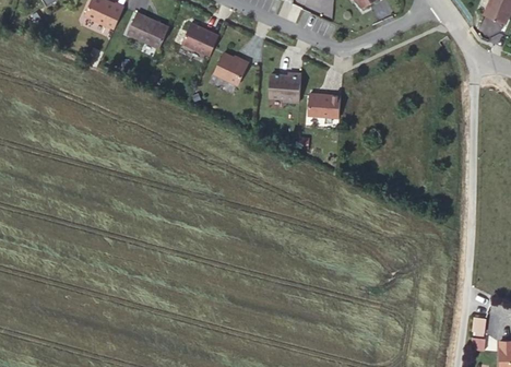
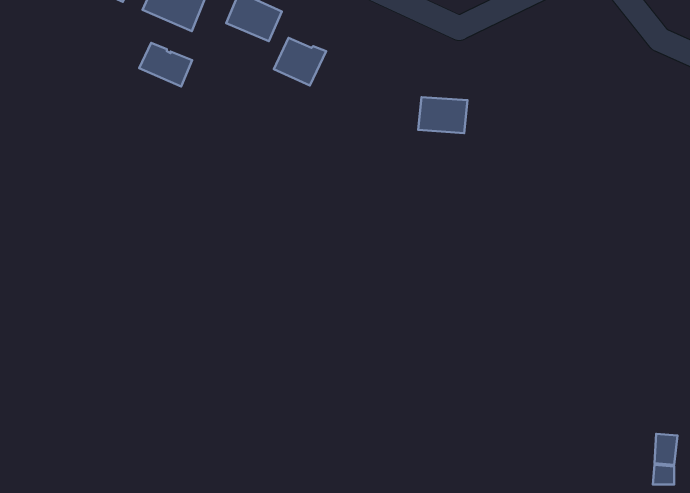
building: none -> [139,43,192,86]
building: [272,72,304,100] -> none

